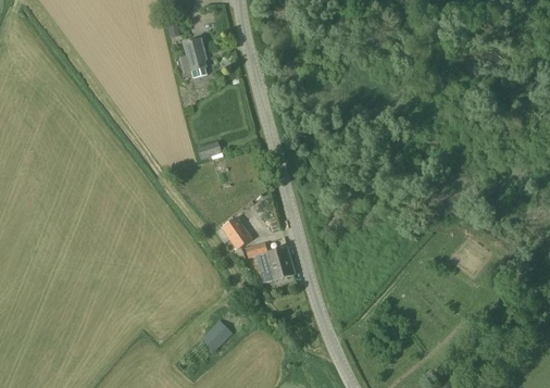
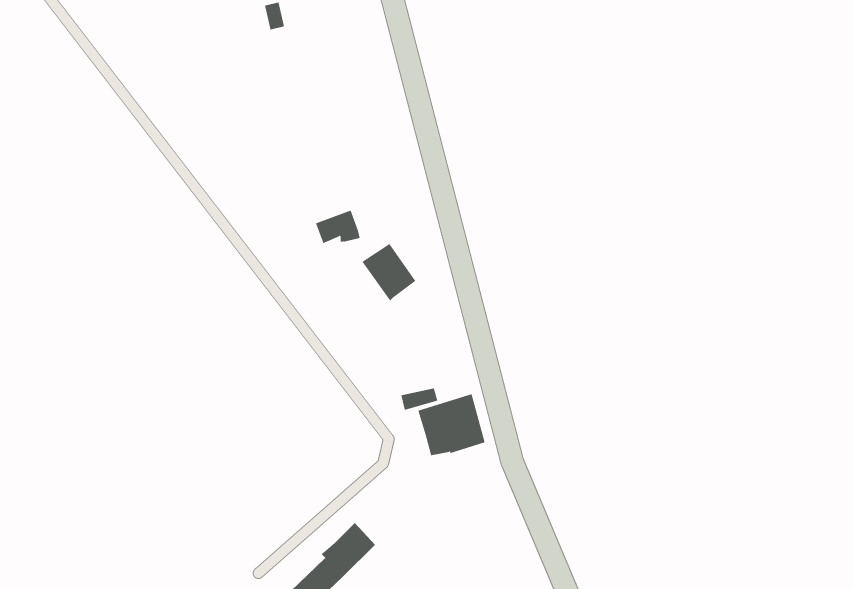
building: [179,39,208,77] -> none
building: [221,216,252,250] -> [361,243,416,302]

